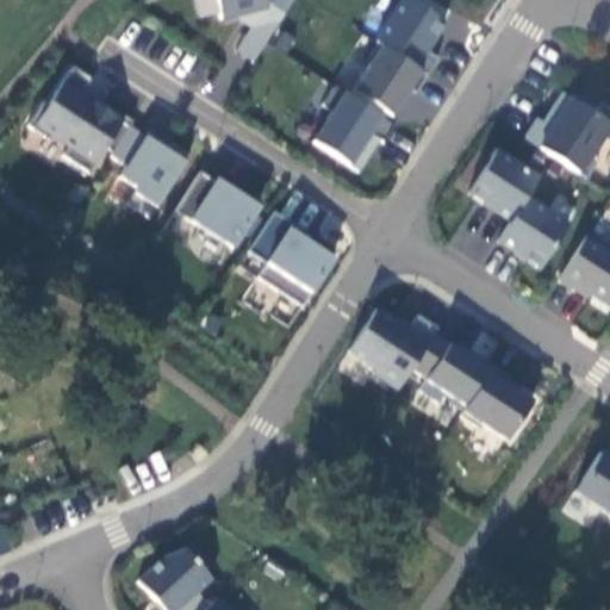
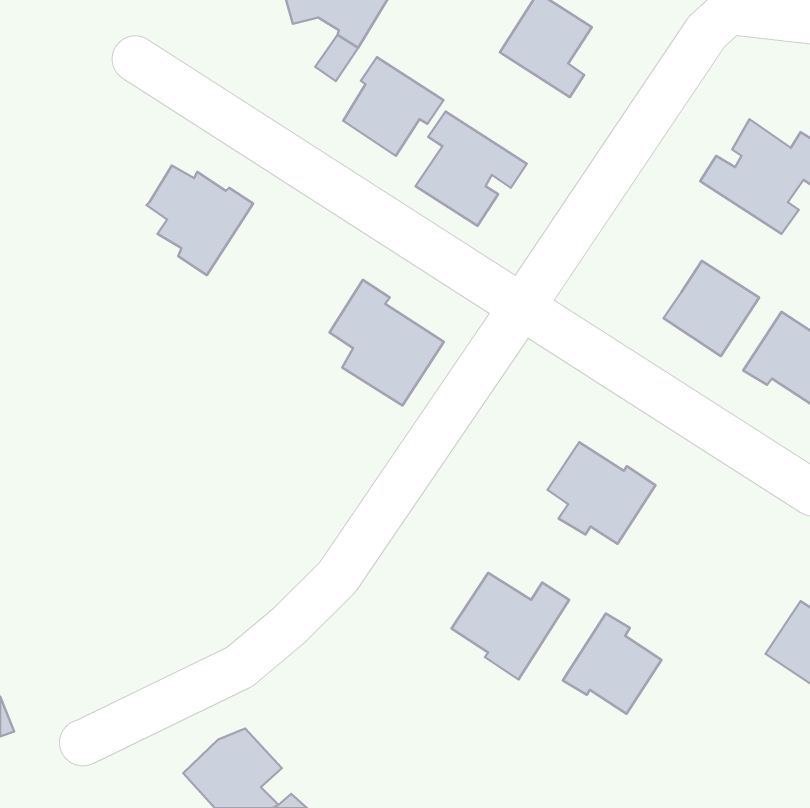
building: [354,41,429,114] -> [343,57,444,156]
building: [29,66,135,172] -> none
building: [471,148,541,219] -> none
building: [175,170,260,247] -> none
building: [350,307,438,387] -> [451,573,569,679]
building: [461,363,535,438] -> [563,614,662,714]

